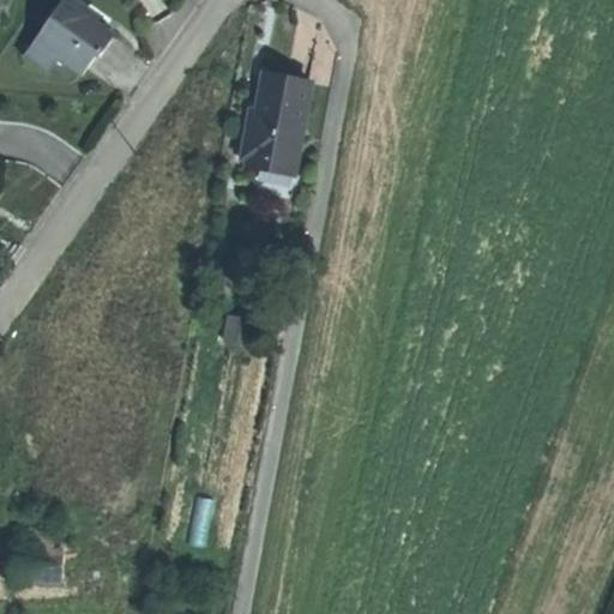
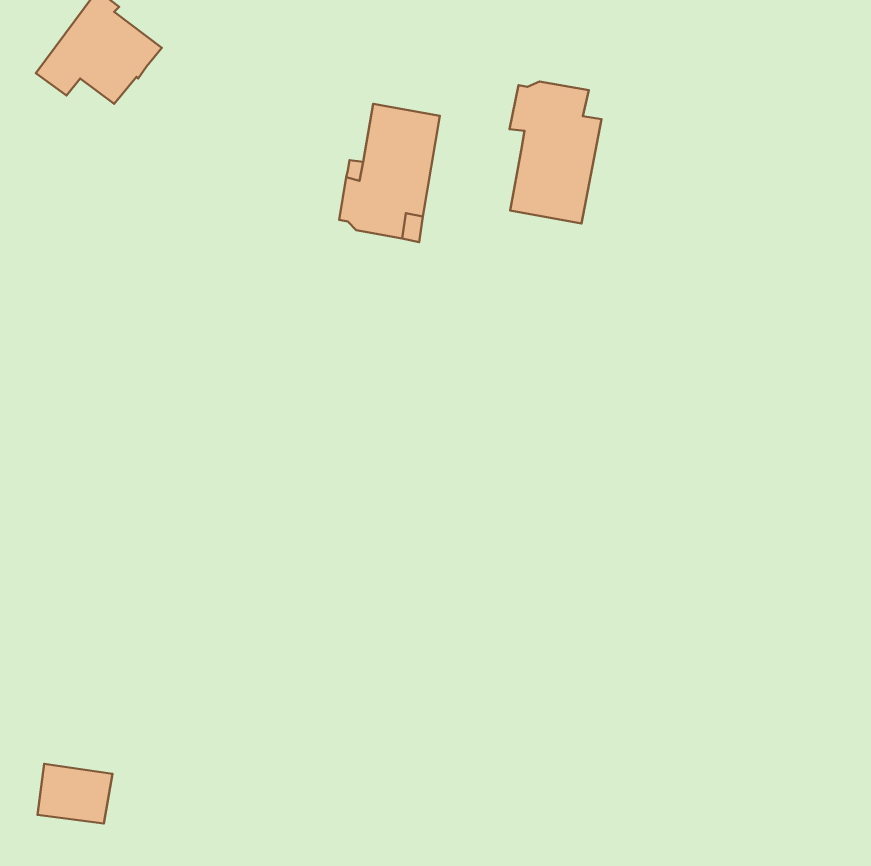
building: none -> [510,82,601,223]

